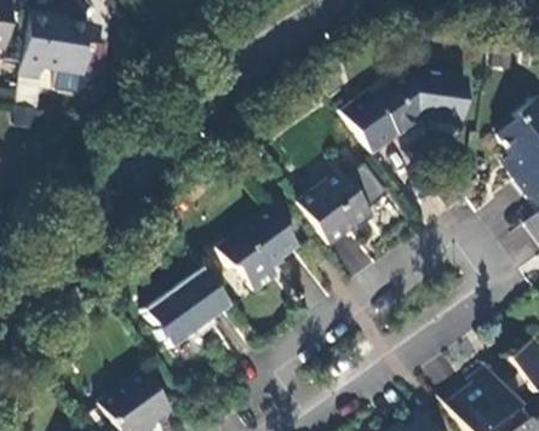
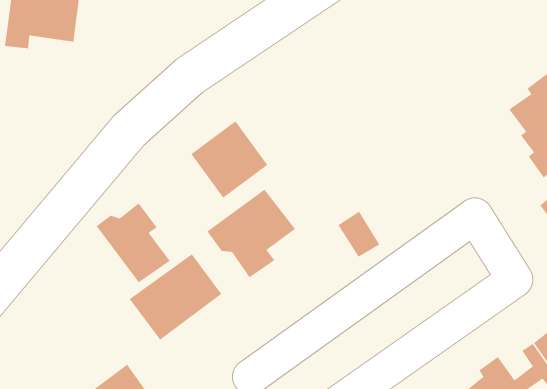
building: [340,70,468,155] -> none
building: [297,172,369,245] -> [190,121,268,198]
building: none -> [96,203,171,283]

